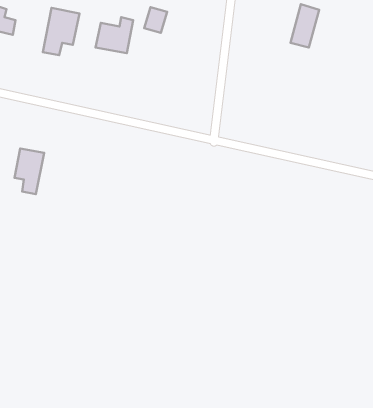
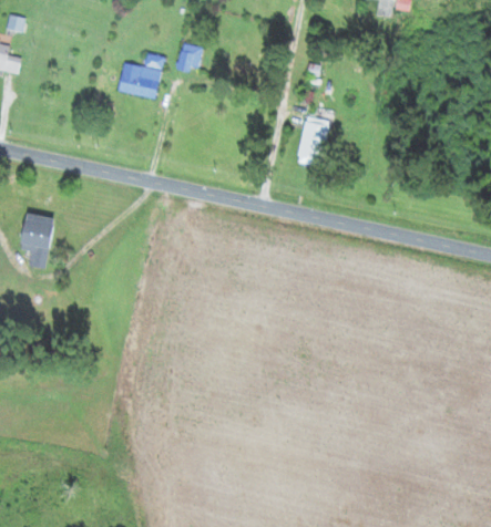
building: [291,4,319,47] -> [295,113,329,165]
building: [43,8,79,55] -> none

